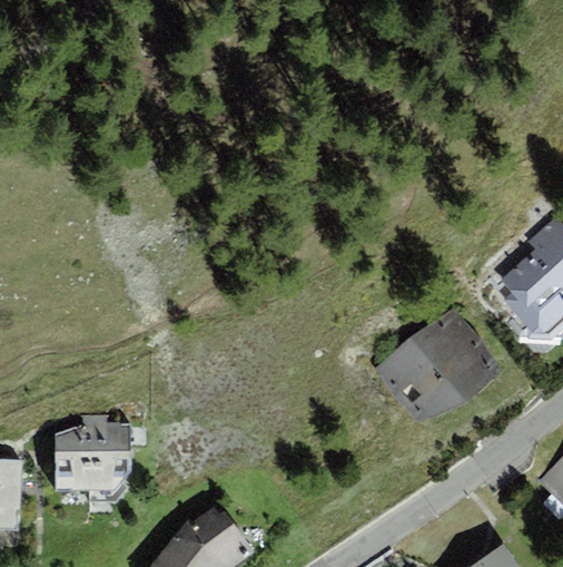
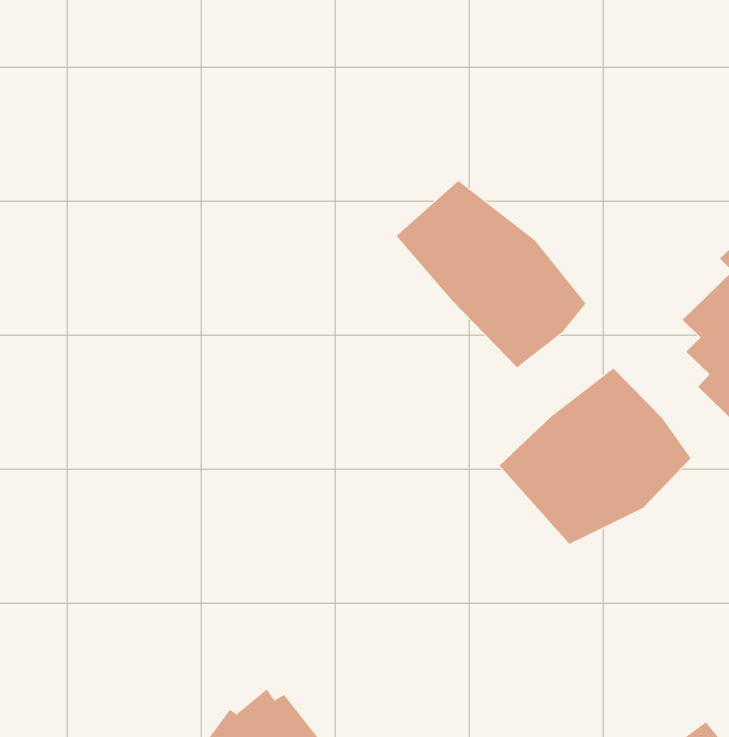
building: none -> [396,180,586,368]
building: [56,416,131,492] -> none

